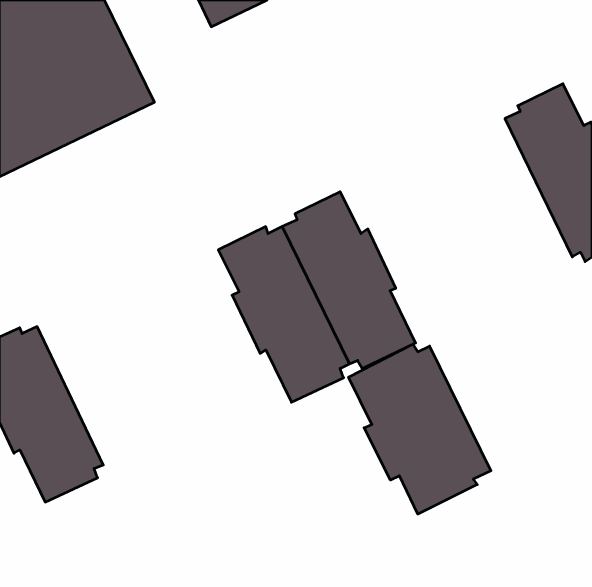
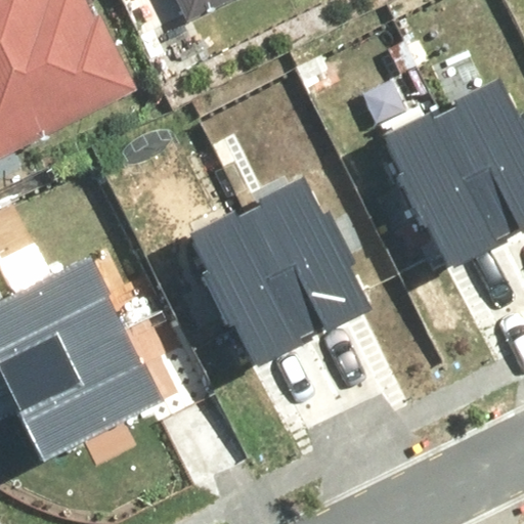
building: none -> [389,111,505,266]
building: none -> [33,263,149,419]
building: [349,344,491,514] -> none

